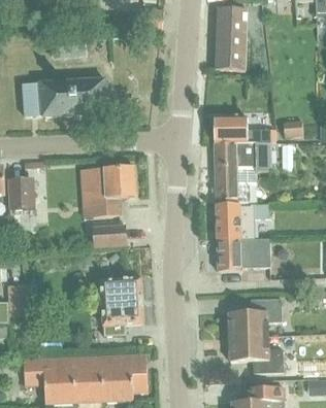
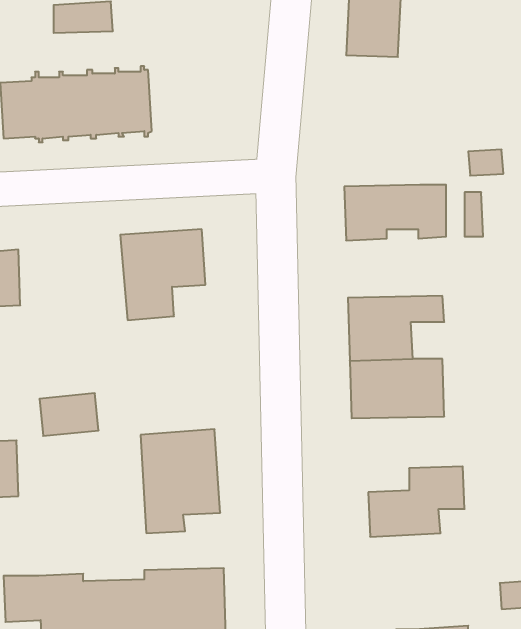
building: [214,115,260,141] -> none
building: [215,170,250,200] -> none
building: [93,223,126,246] -> [39,393,99,436]
building: [228,334,283,372] -> none

